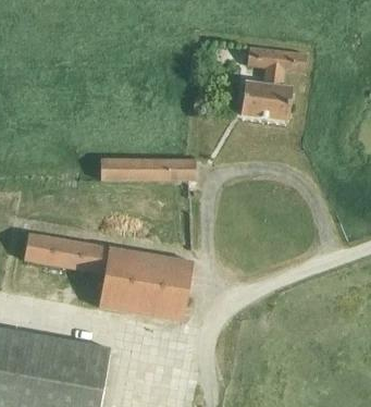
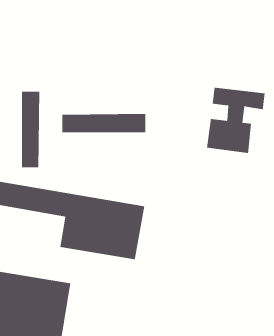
building: [239,46,306,120] -> [206,87,266,154]
building: none -> [21,91,40,168]

